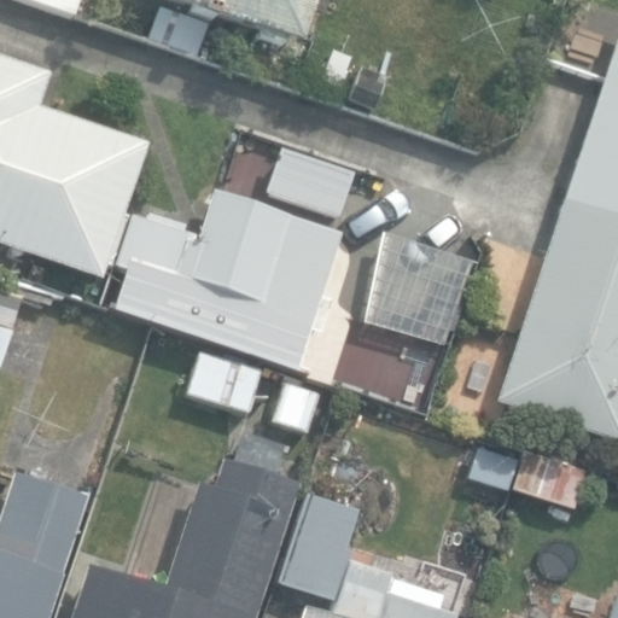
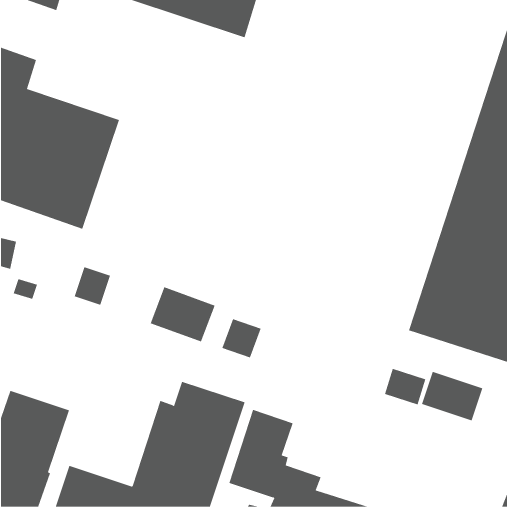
building: [113,188,343,371] -> none
building: [365,231,473,342] -> none

